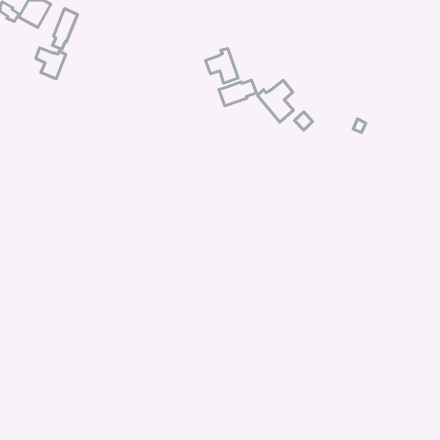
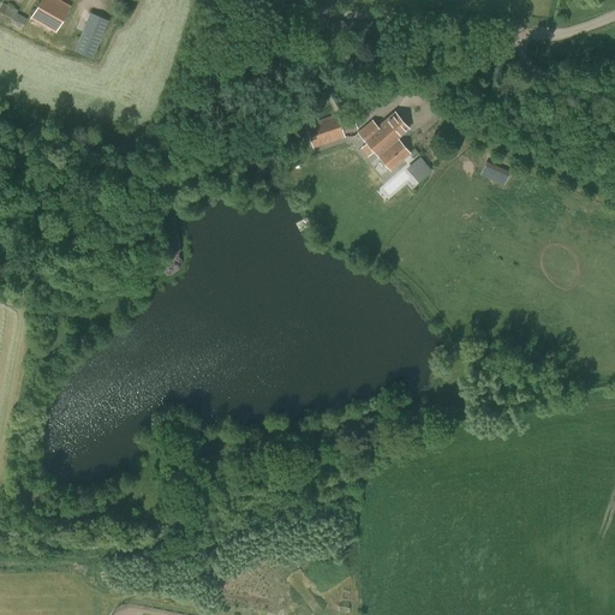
building: [36,48,66,79] -> none
building: [206,48,238,83] -> none

